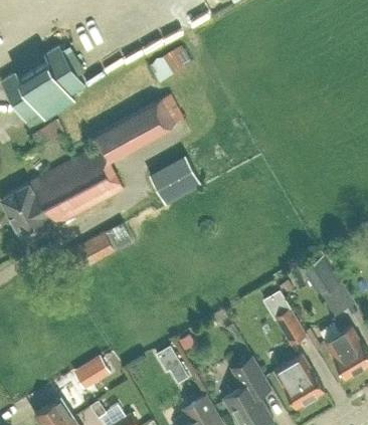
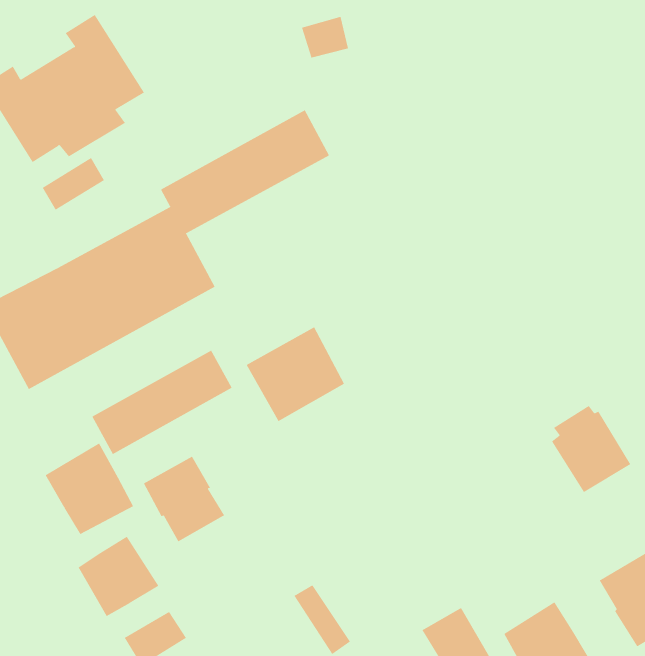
building: [148,155,200,205] -> [246,327,345,422]
building: none -> [45,442,134,535]
building: none -> [143,456,225,542]
building: [273,308,305,346] -> none
building: none -> [78,536,159,617]

